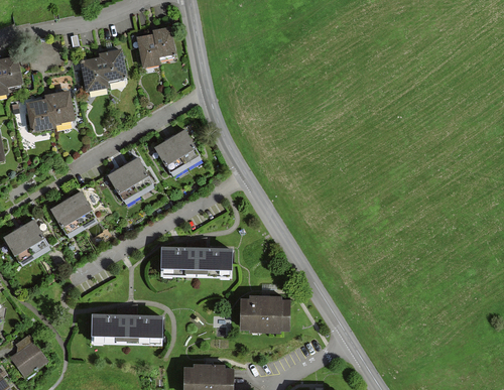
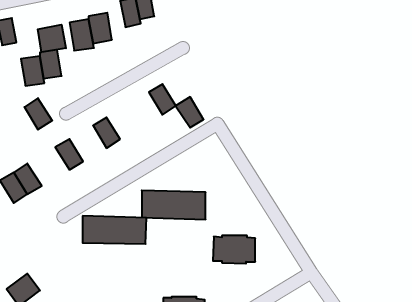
building: none -> [38,25,66,52]
building: [153,138,184,172] -> [176,97,204,128]
building: [122,156,153,190] -> none
building: [49,200,81,235] -> [24,98,52,130]
building: [92,315,163,347] -> [83,216,146,244]

